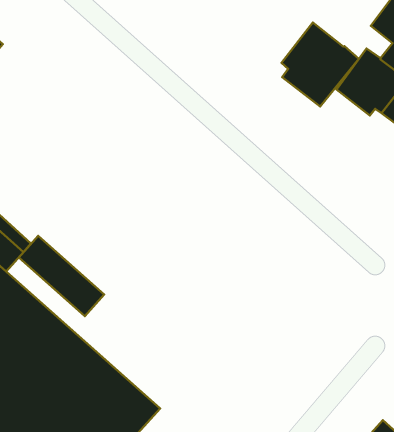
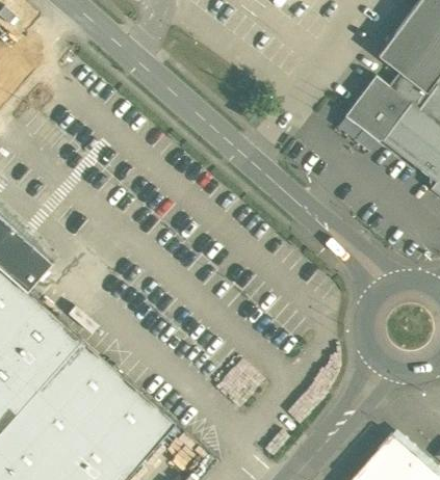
building: [282,23,359,107] -> none
building: [19,236,104,316] -> none

